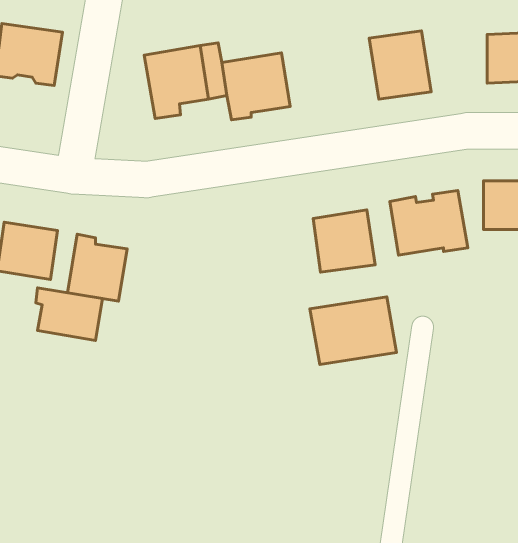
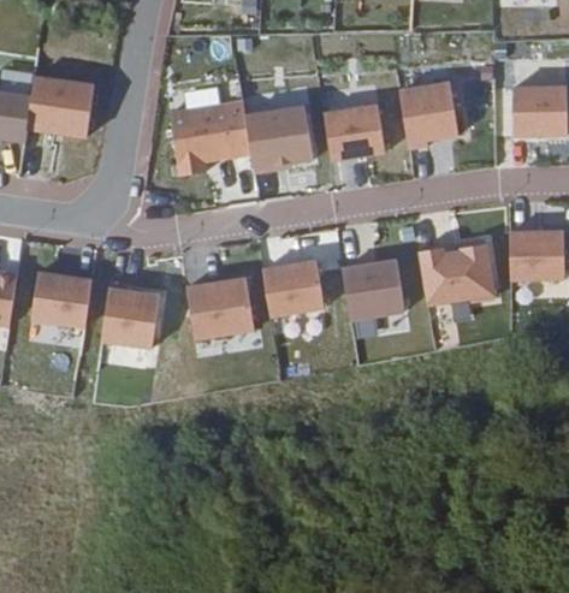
building: none -> [324,106,385,165]
building: none -> [262,261,324,316]
building: none -> [185,280,253,342]
building: [36,288,102,340] -> none
building: [310,297,397,364] -> none

